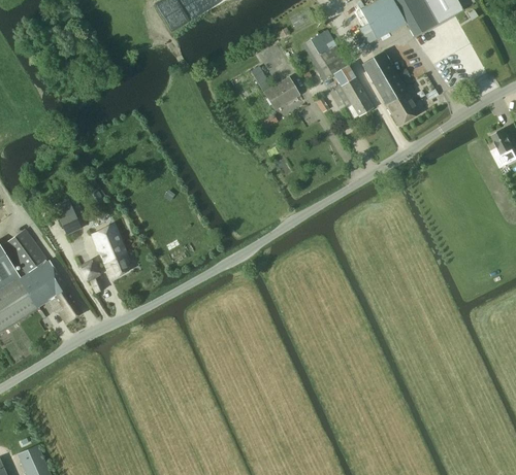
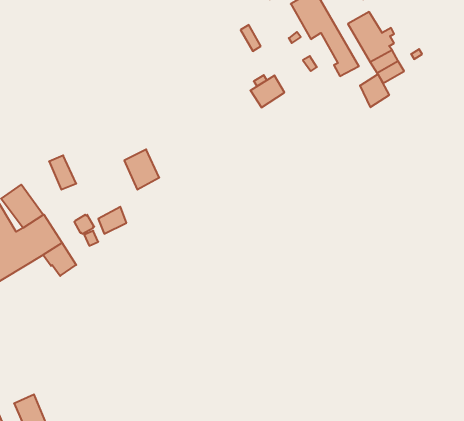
building: [263,76,298,109] -> [250,75,284,107]
building: none -> [360,74,389,107]
building: [91,223,127,264] -> [124,149,159,190]

